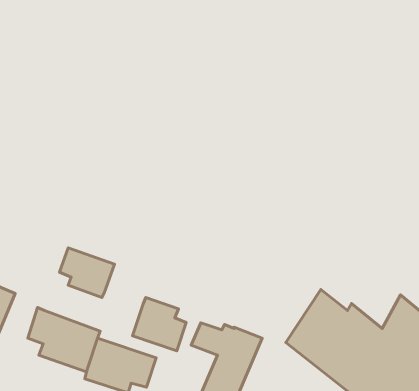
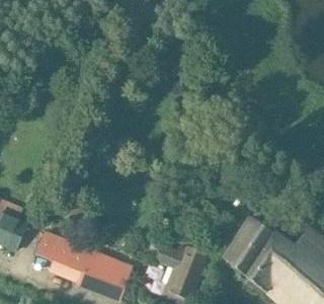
building: [60,248,114,297] -> none
building: [132,297,186,351] -> none

